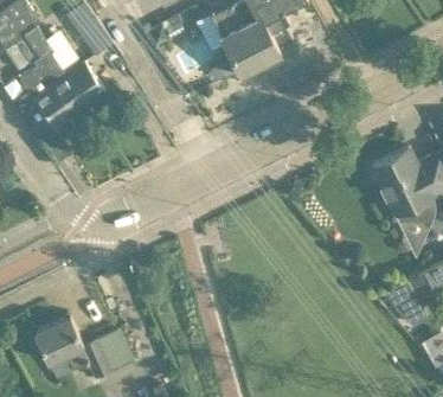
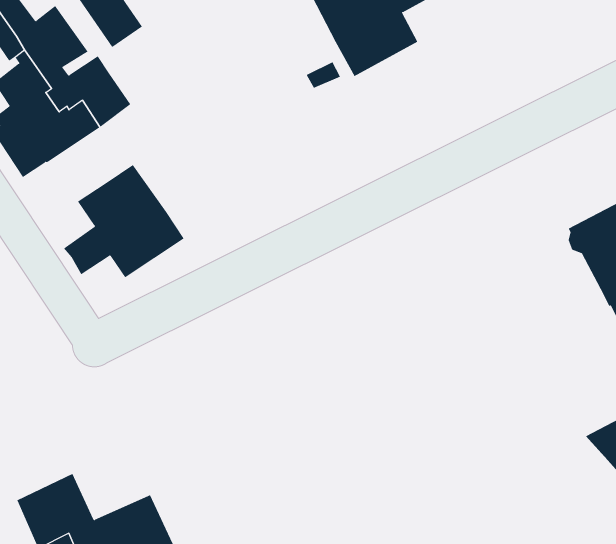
building: none -> [63,164,184,278]

